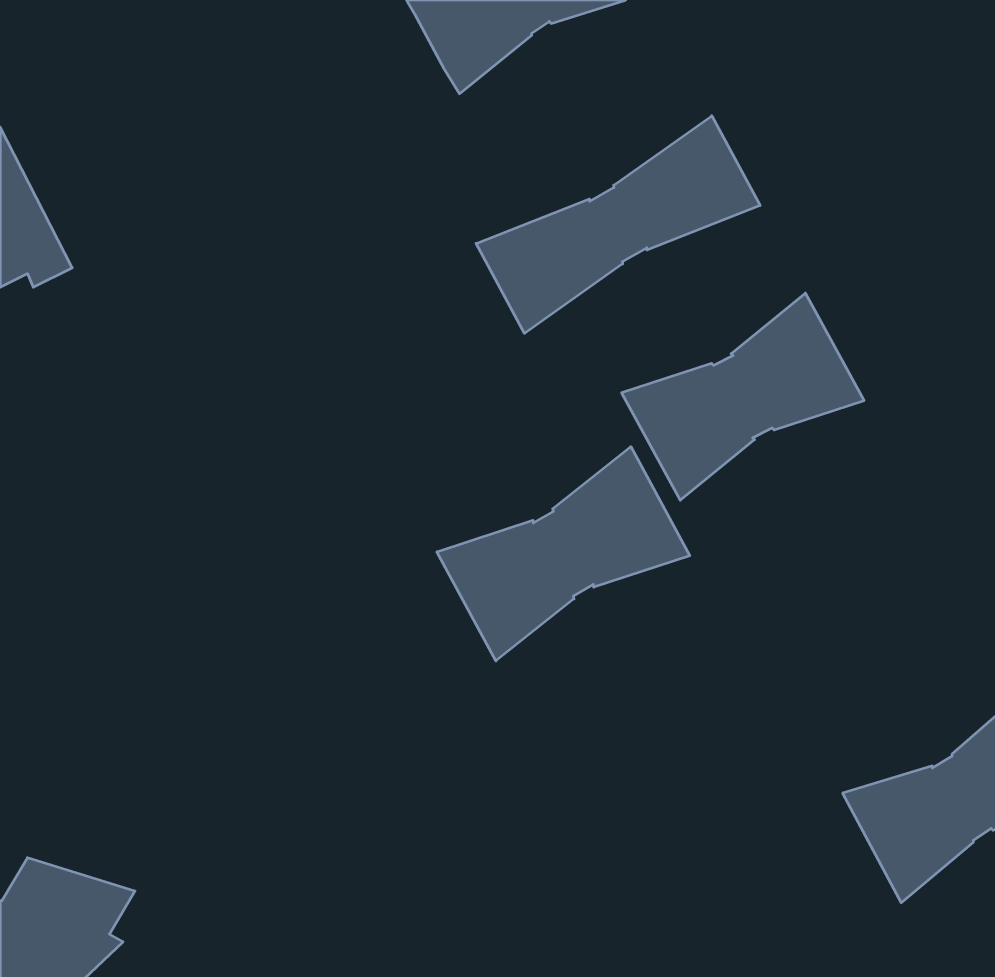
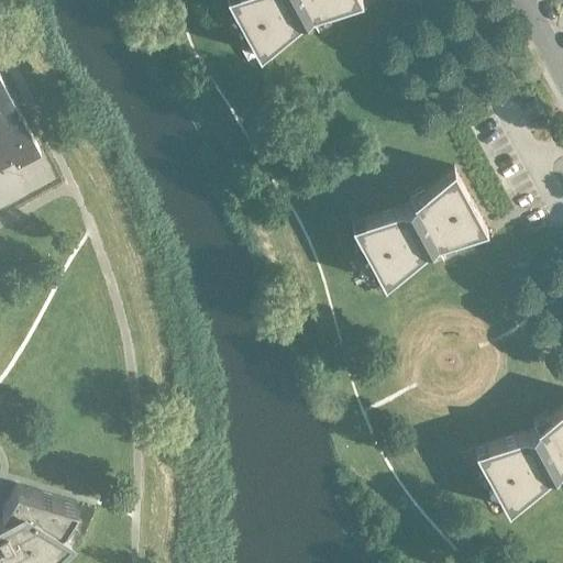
building: [476,116,760,333] -> none
building: [437,447,690,661] -> none

